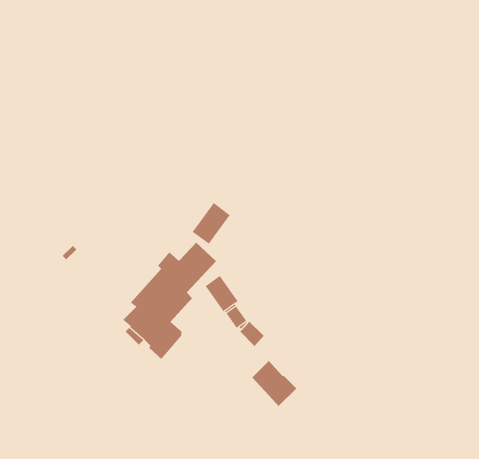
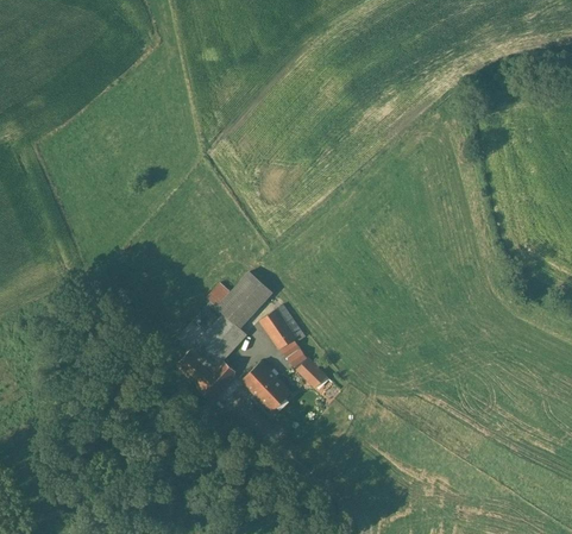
building: [192,202,231,245] -> none
building: [252,360,297,407] -> [243,362,293,413]

